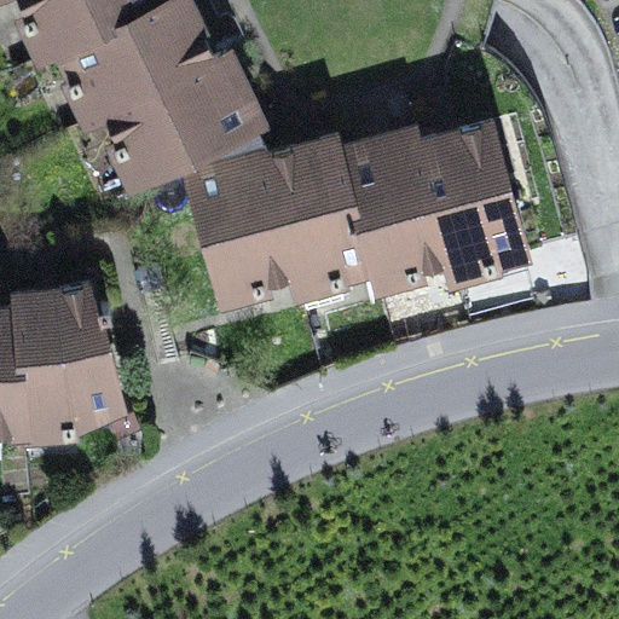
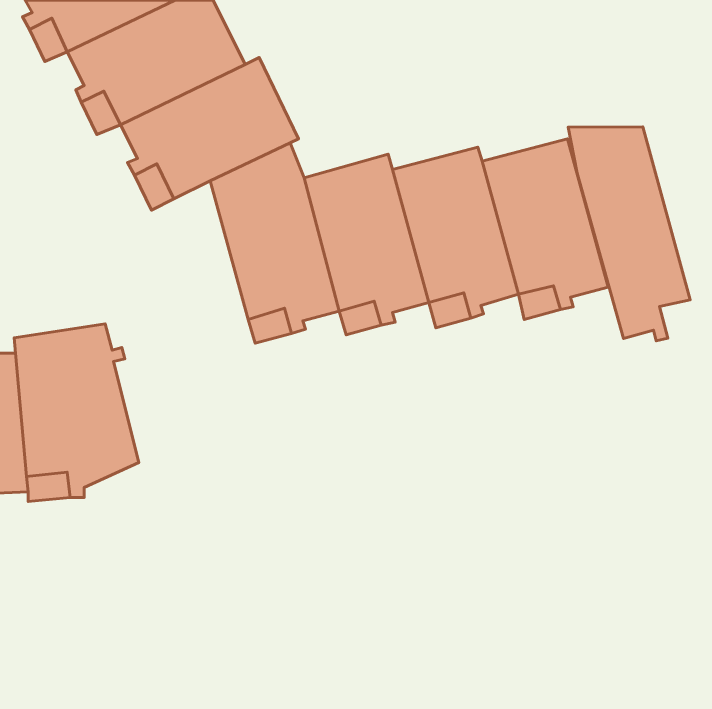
building: none -> [568,127,690,341]

